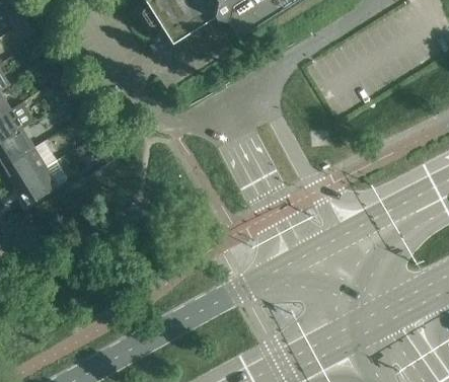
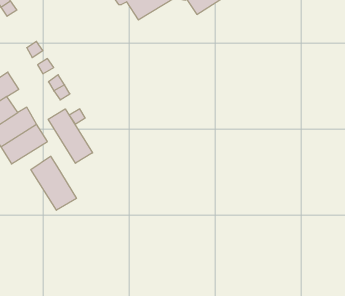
building: none -> [48,109,93,163]
building: none -> [31,156,76,210]

